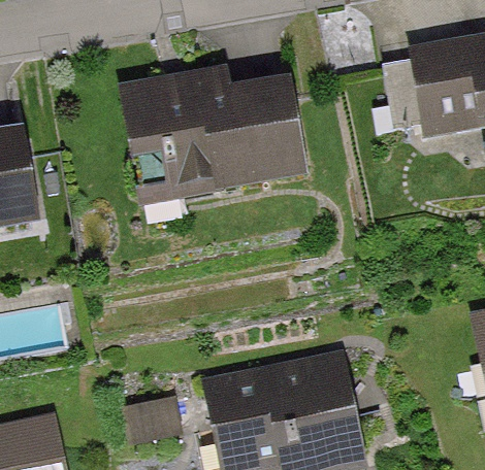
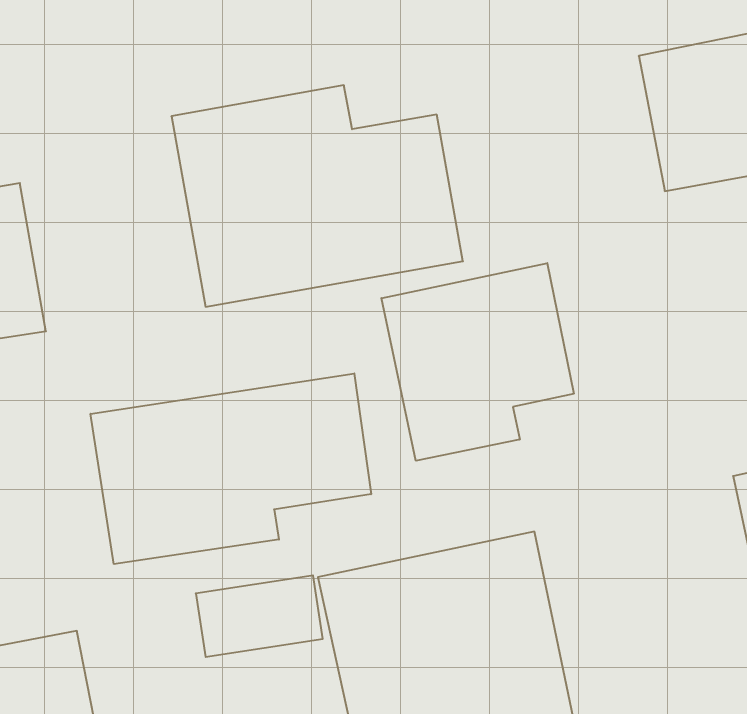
building: none -> [381,263,574,461]
building: none -> [91,373,371,564]

